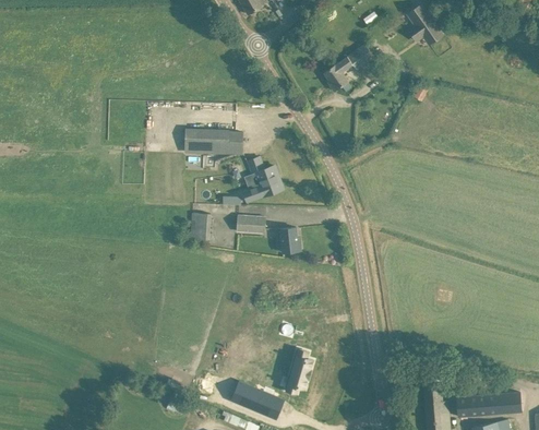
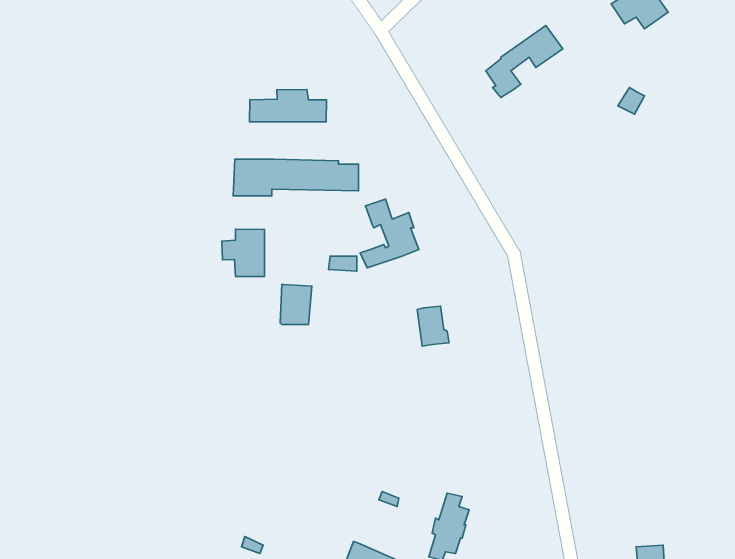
building: none -> [250,89,326,122]
building: none -> [222,229,265,277]
building: [237,215,266,232] -> none

